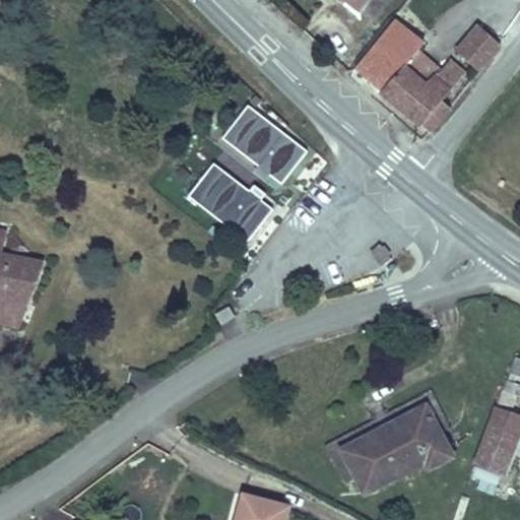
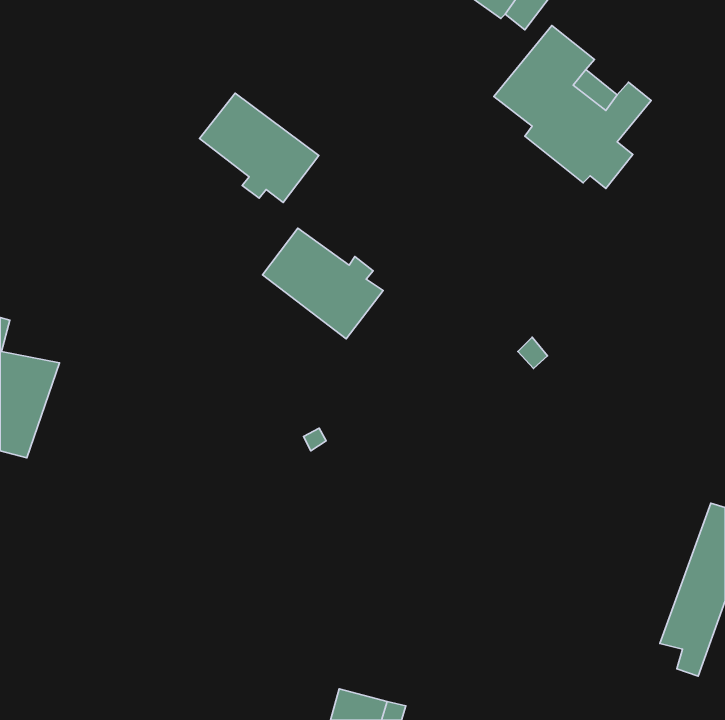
building: [455,25,503,73] -> none
building: [222,106,308,184] -> [200,93,319,202]
building: [333,400,454,494] -> none

